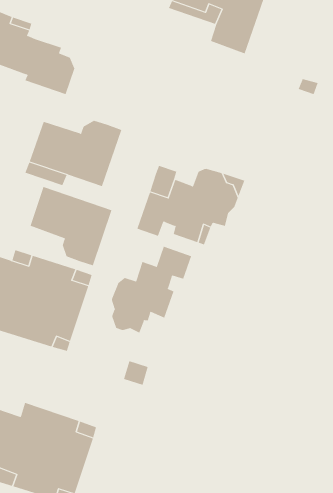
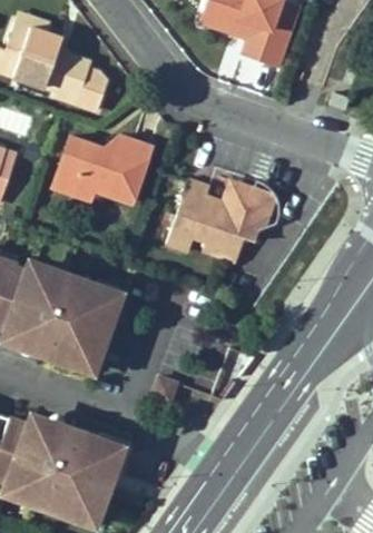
building: [30,186,112,266] -> none
building: [111,246,192,333] -> none

